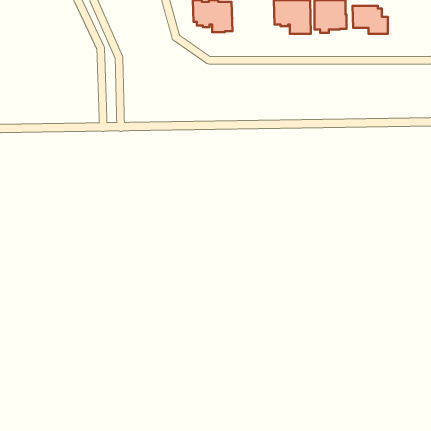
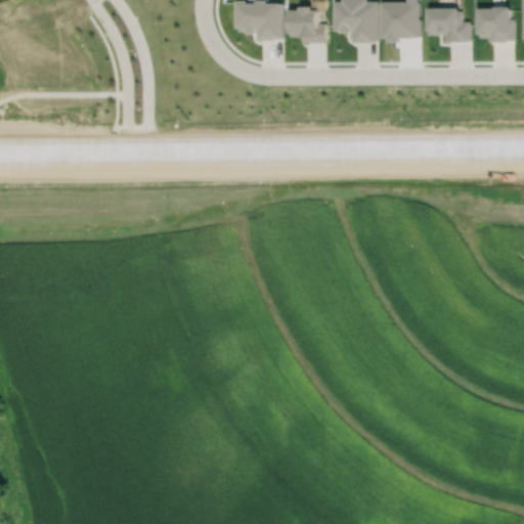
building: none -> [288,6,324,43]
building: none -> [478,7,514,42]

